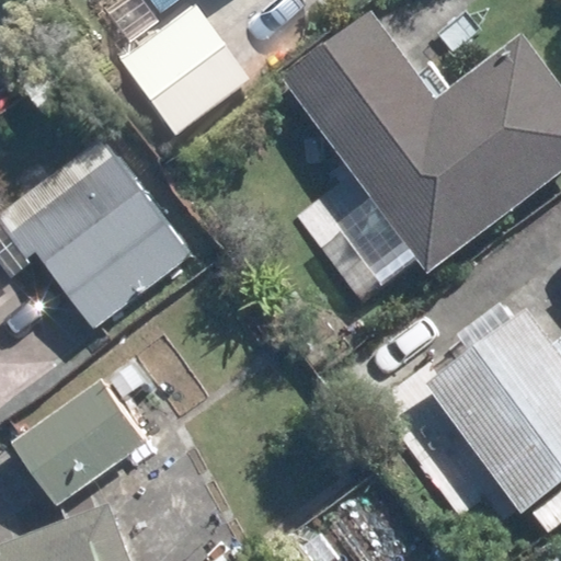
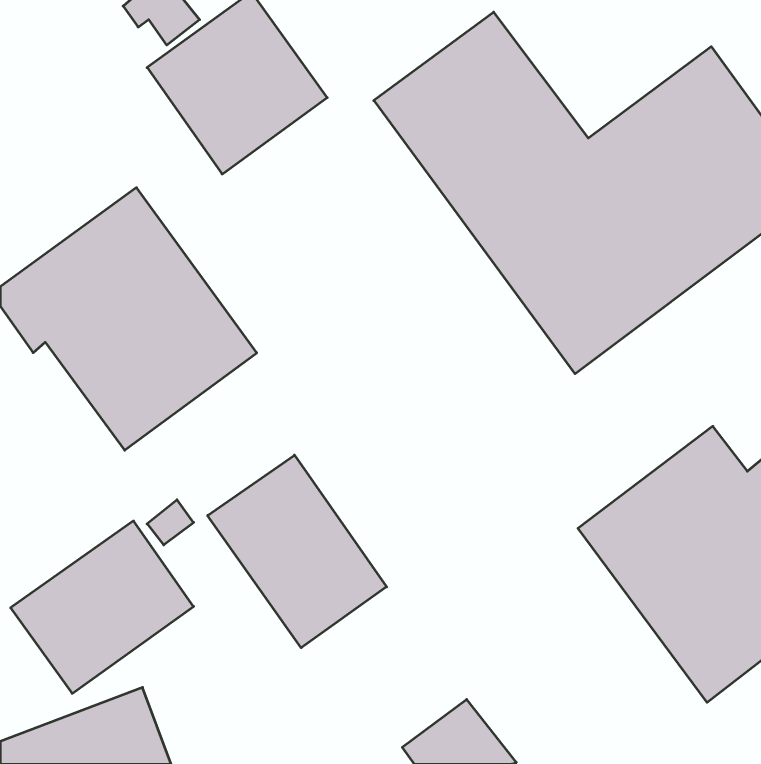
building: none -> [208,455,387,648]

